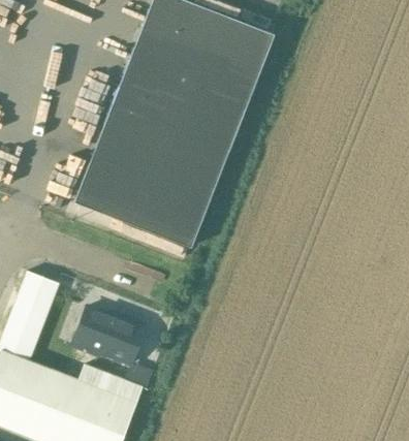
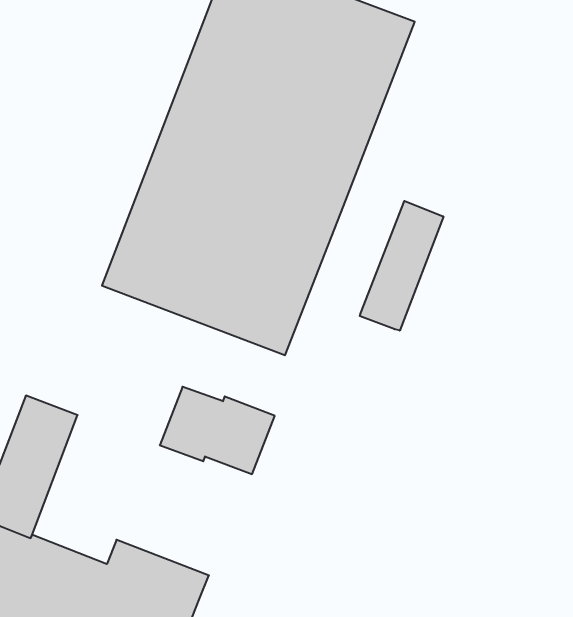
building: none -> [360,201,443,331]
building: [72,308,146,364] -> [160,387,275,474]

